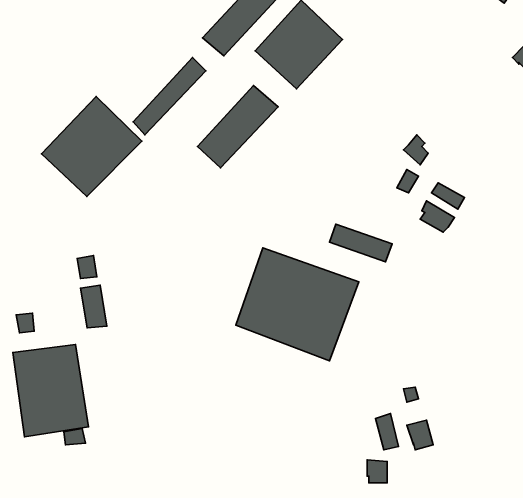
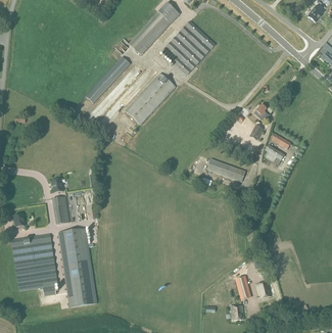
building: [42,97,142,196] -> none
building: [236,248,359,361] -> none
building: none -> [58,228,97,306]

